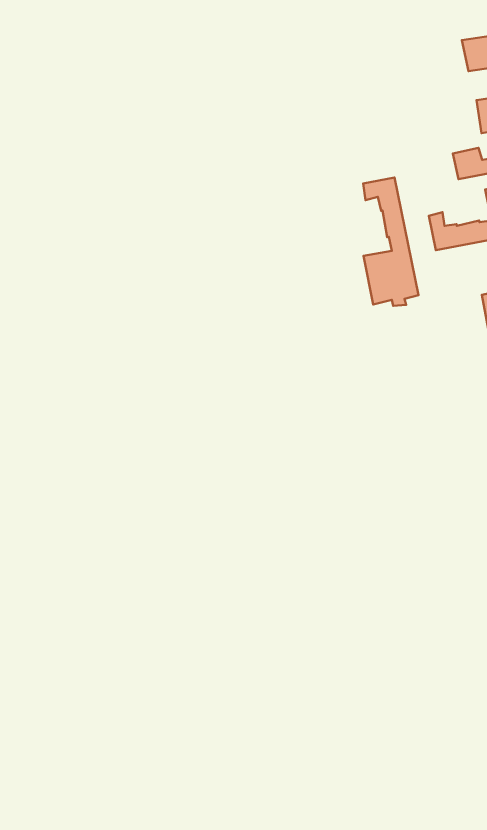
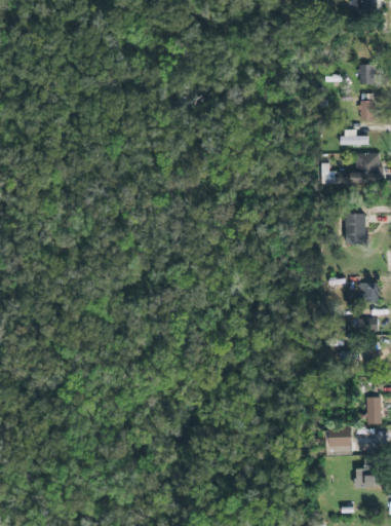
building: [363,178,419,306] -> none

